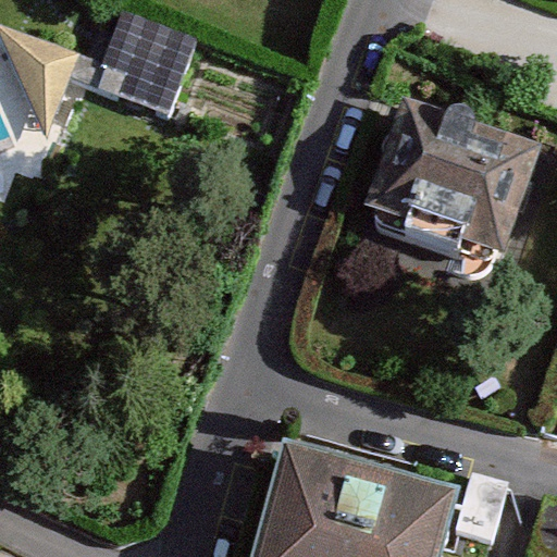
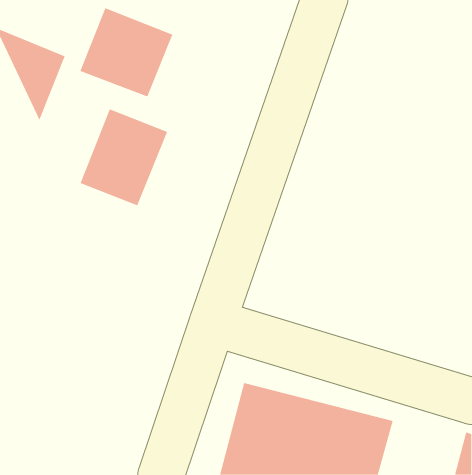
building: [370,102,539,264] -> none
building: none -> [80,109,168,206]

